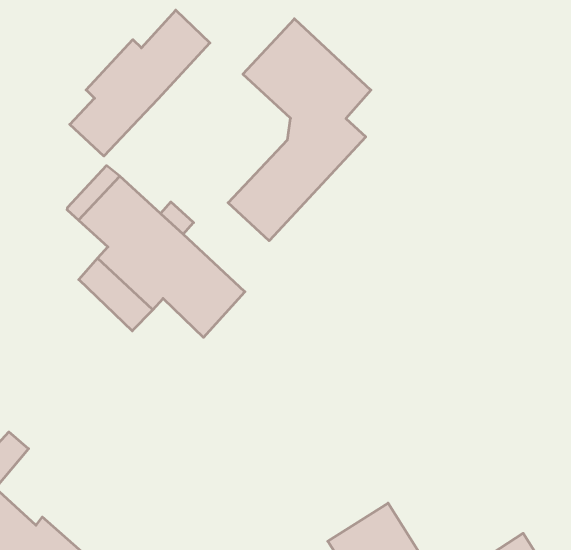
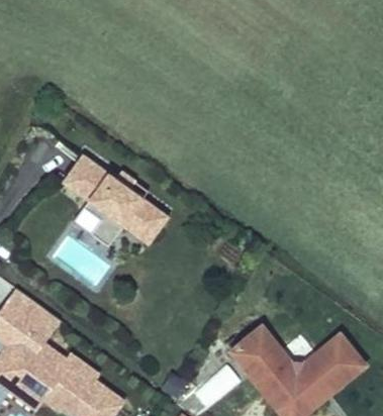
building: [70,10,210,156] -> none
building: [228,19,371,241] -> none

